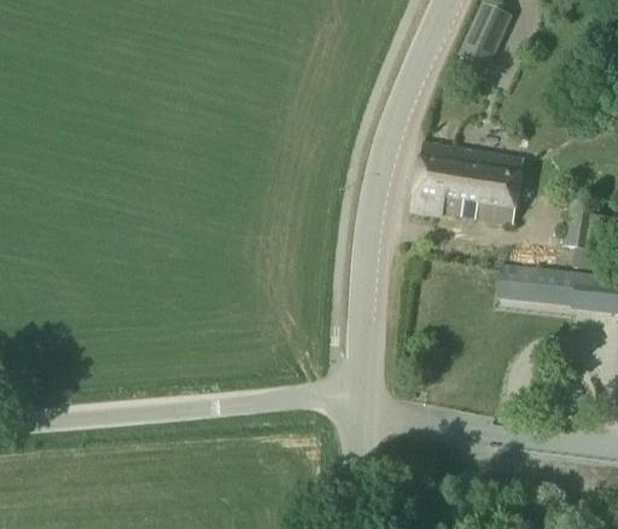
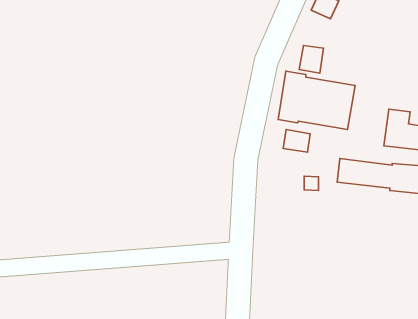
building: none -> [299,45,323,73]
building: none -> [283,130,310,152]

